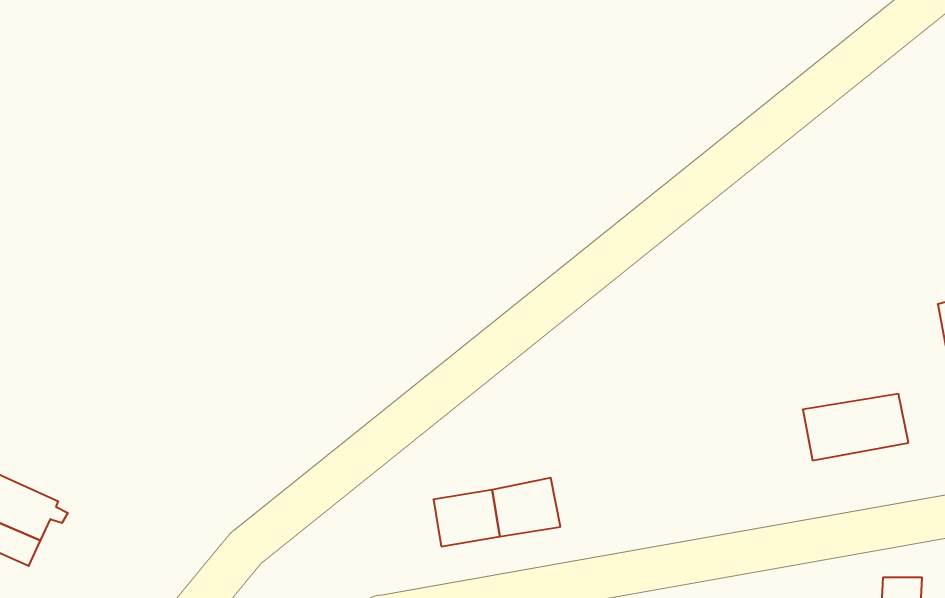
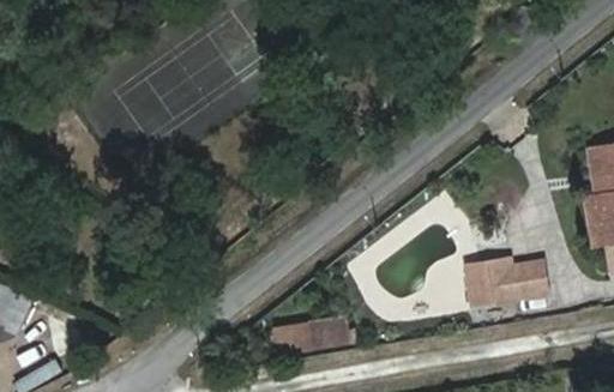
building: none -> [470,265,507,306]

